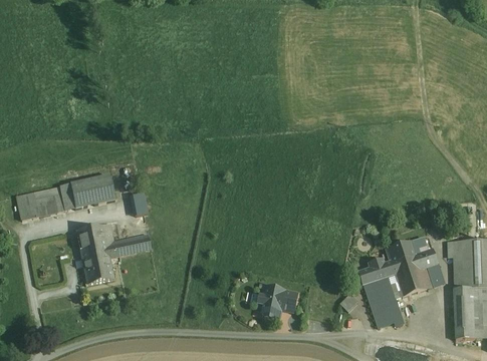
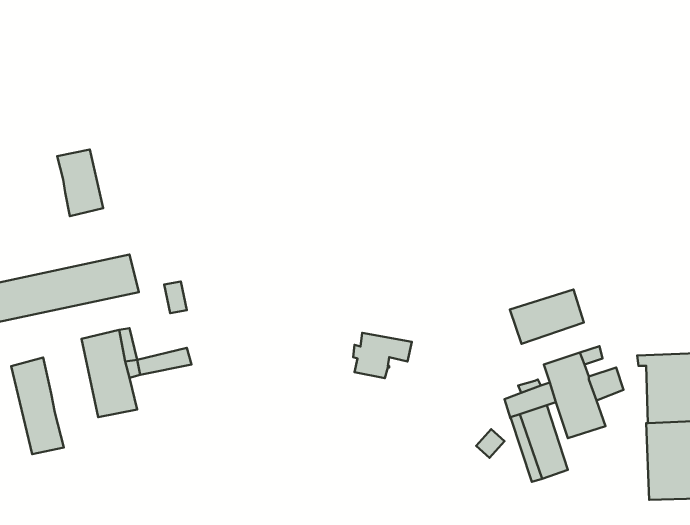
building: none -> [57,150,103,216]
building: none -> [510,290,584,344]
building: none -> [11,357,64,454]
building: [258,286,297,316] -> [353,333,412,378]

